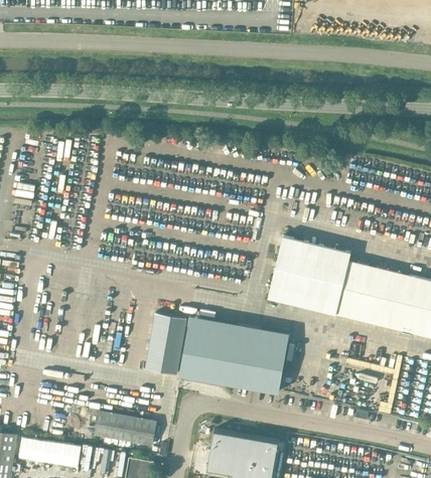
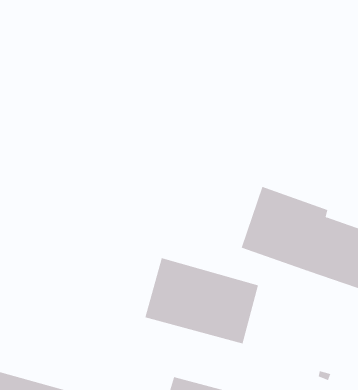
building: [146,314,186,375] -> none
building: [94,412,157,447] -> none

